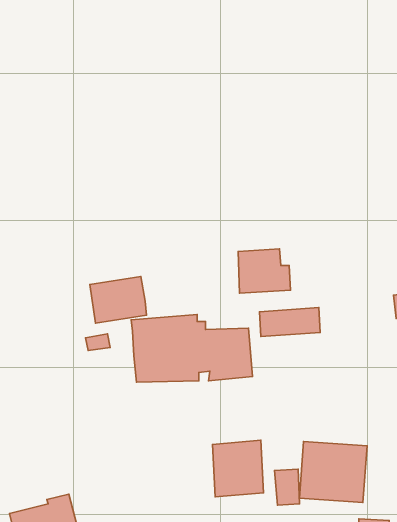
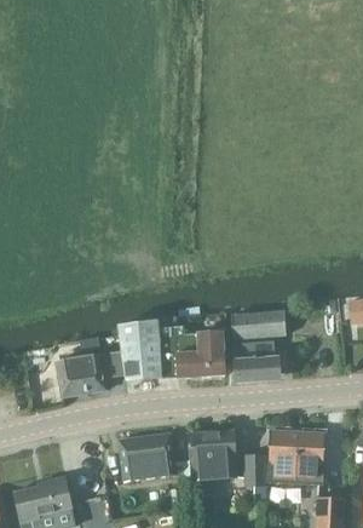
building: [238,249,291,293] -> [232,342,278,380]
building: [90,276,146,323] -> [56,354,105,395]
building: none -> [117,432,174,482]

